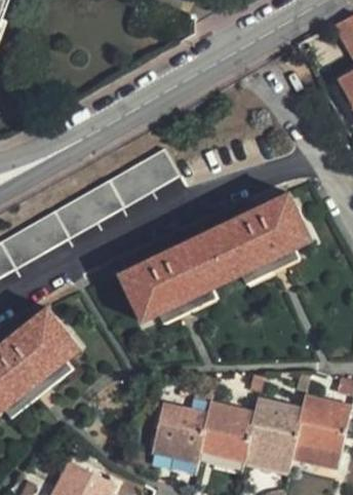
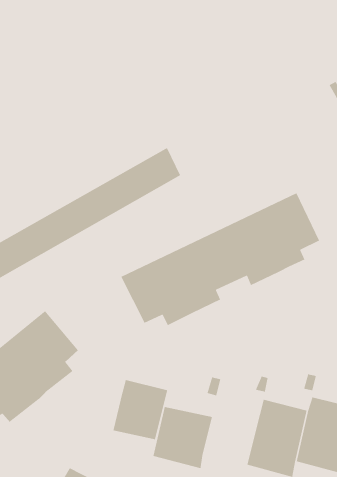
building: [199,399,253,459] -> [112,379,168,440]

